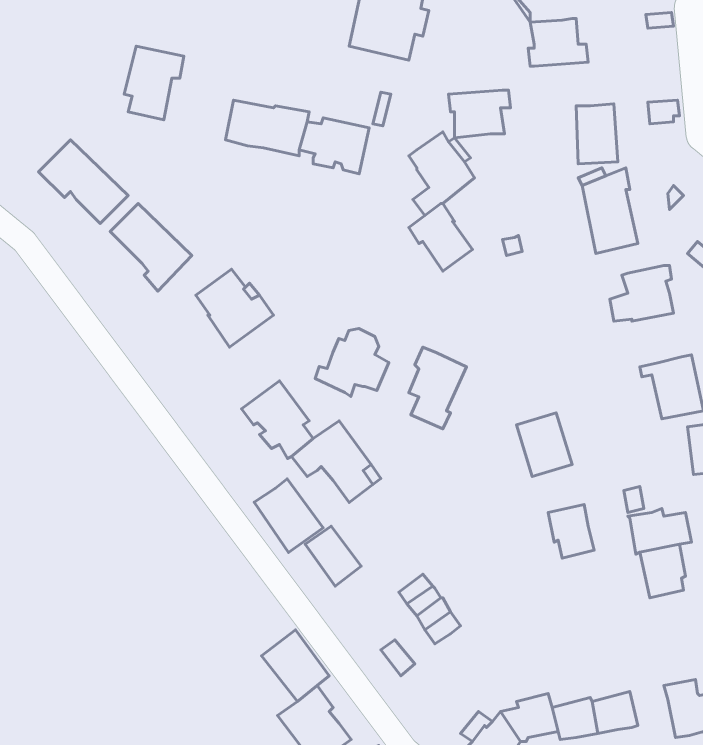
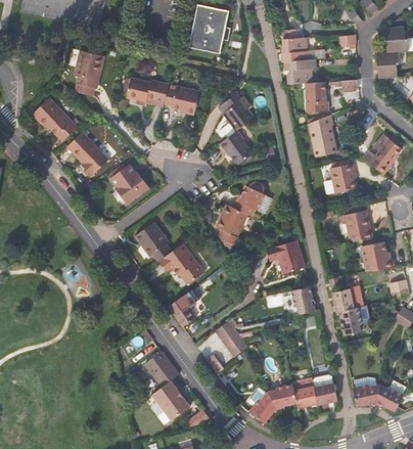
building: [449,90,510,138] -> [284,57,316,82]
building: [315,329,389,396] -> [234,181,272,216]
building: [254,479,323,552] -> none

